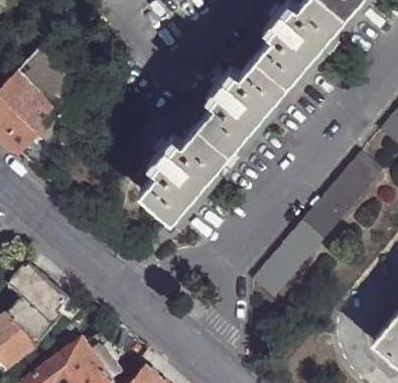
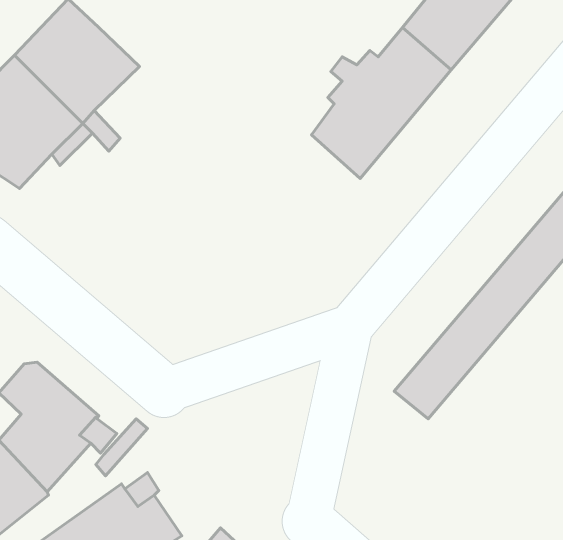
building: [143,122,232,218] -> none

